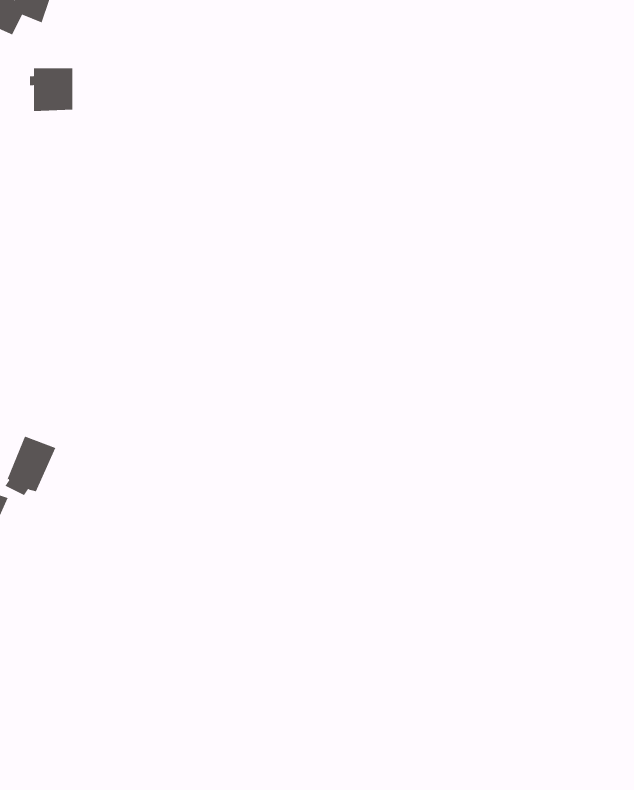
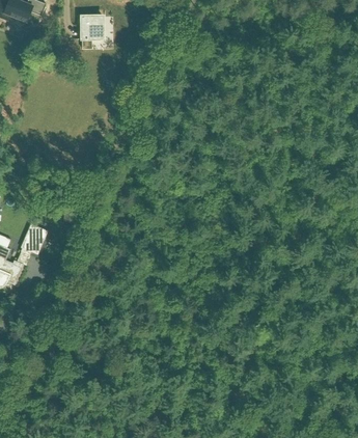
building: [29,68,73,112] -> [79,17,102,39]

